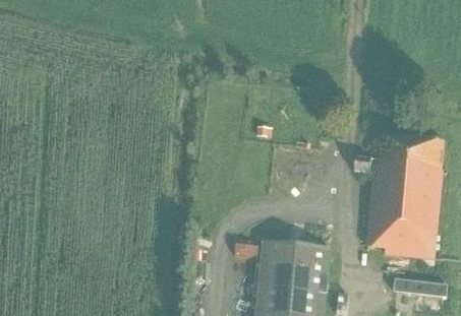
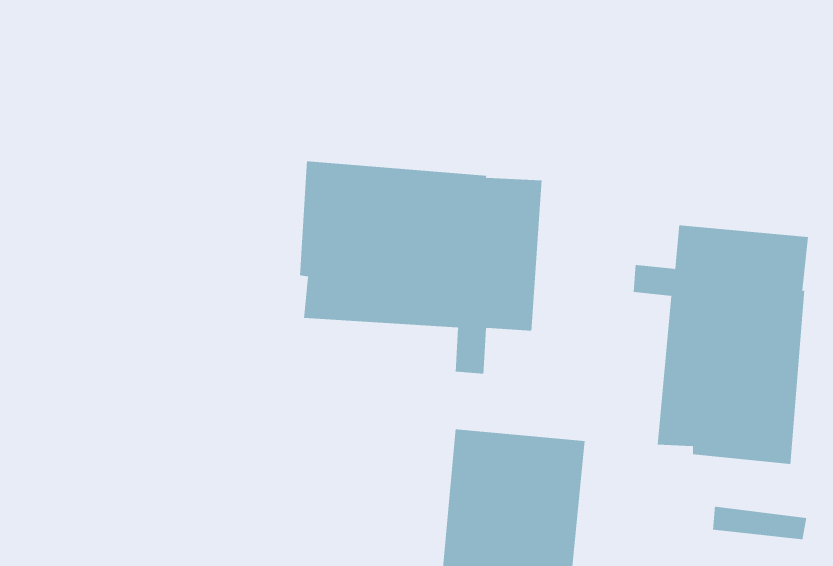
building: none -> [299,161,542,375]

